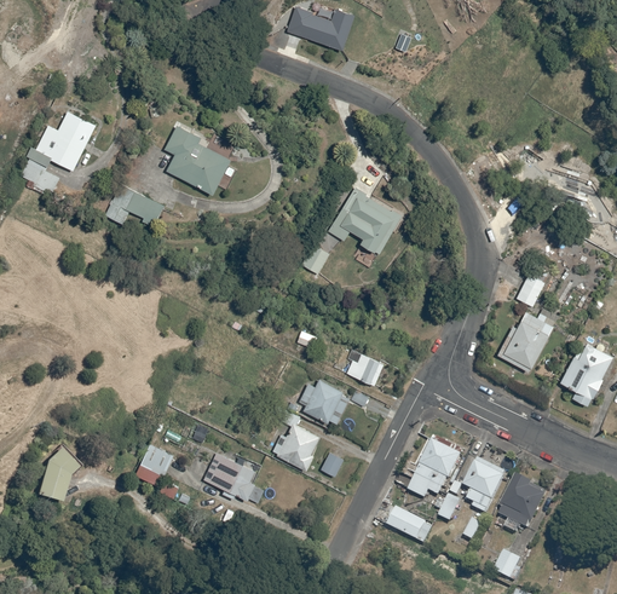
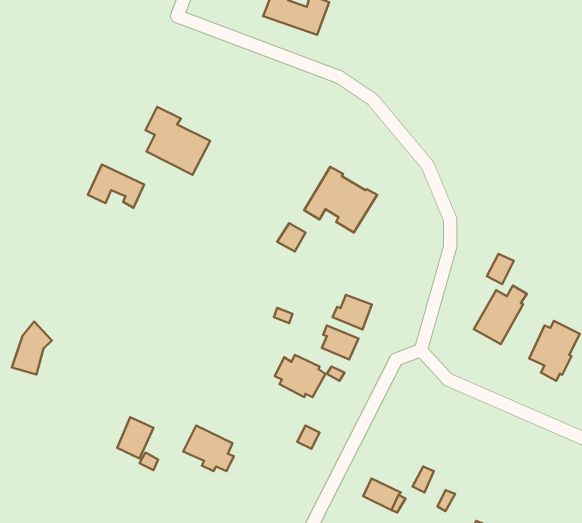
building: [19,111,94,197] -> none
building: none -> [333,295,372,329]
building: [276,423,319,469] -> none
building: [413,440,461,495] -> none
building: [36,446,77,501] -> [12,322,52,375]
building: [463,461,504,509] -> none
building: [500,474,546,532] -> none

